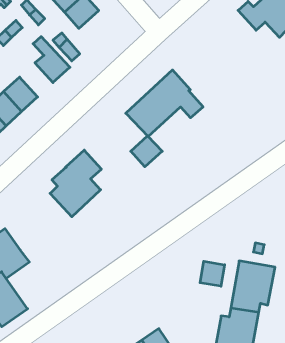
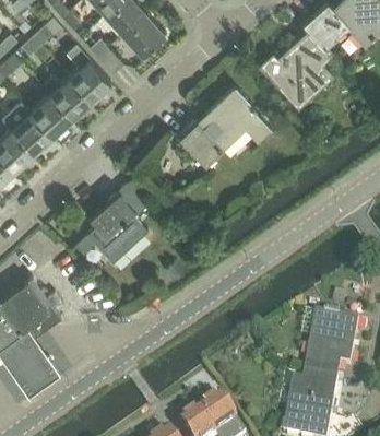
building: none -> [121,14,164,57]
building: none -> [261,14,336,108]
building: none -> [44,78,90,119]
building: [131,136,162,167] -> none
building: [200,261,225,286] -> none

